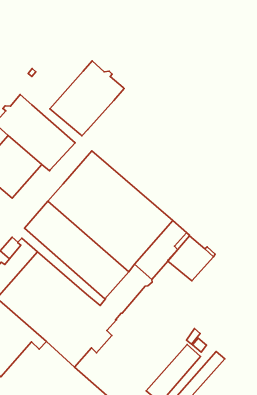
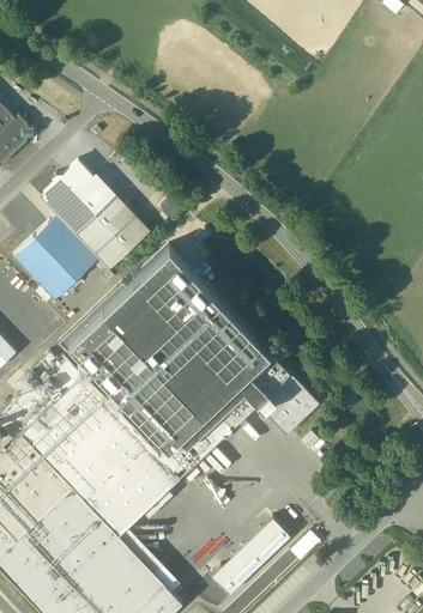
building: [50,61,124,136] -> none
building: none -> [59,283,169,455]

